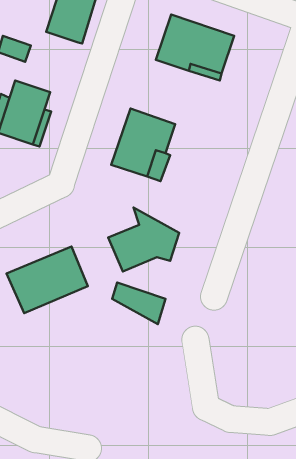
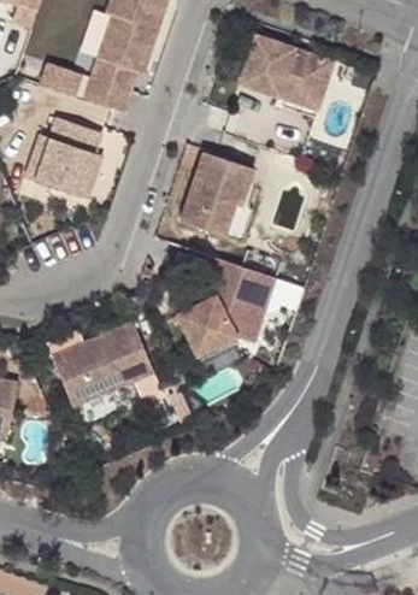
building: none -> [80,57,139,112]
building: [112,282,166,324] -> [207,254,273,306]

